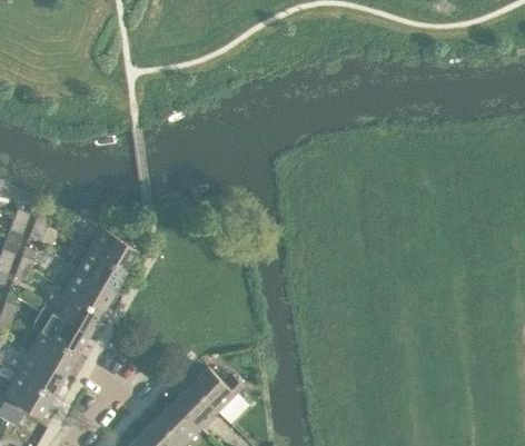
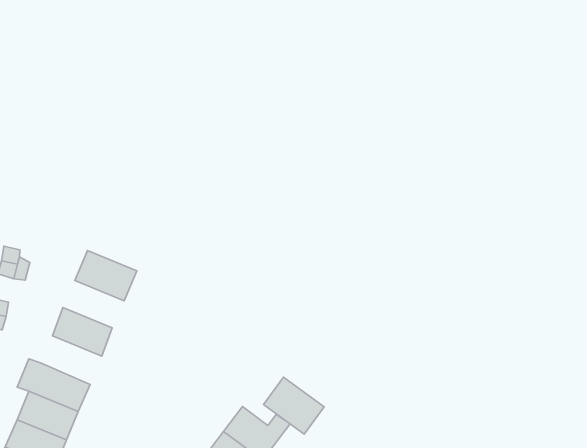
building: [76,250,125,291] -> none
building: [52,291,101,334] -> none
building: none -> [264,377,324,434]

